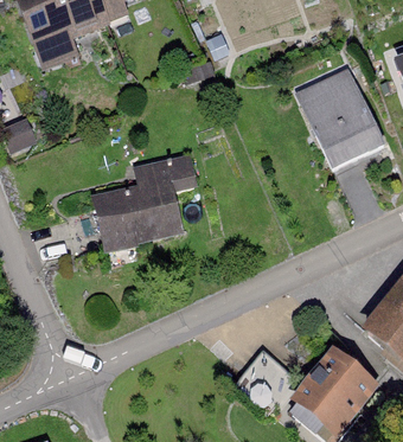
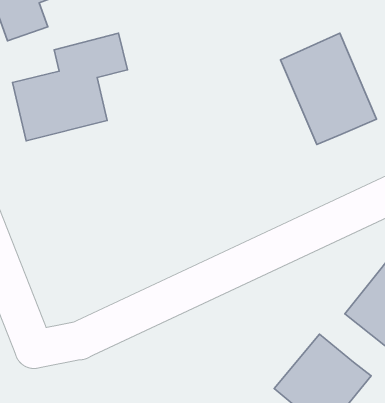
building: [95,147,203,248] -> [12,33,127,141]

